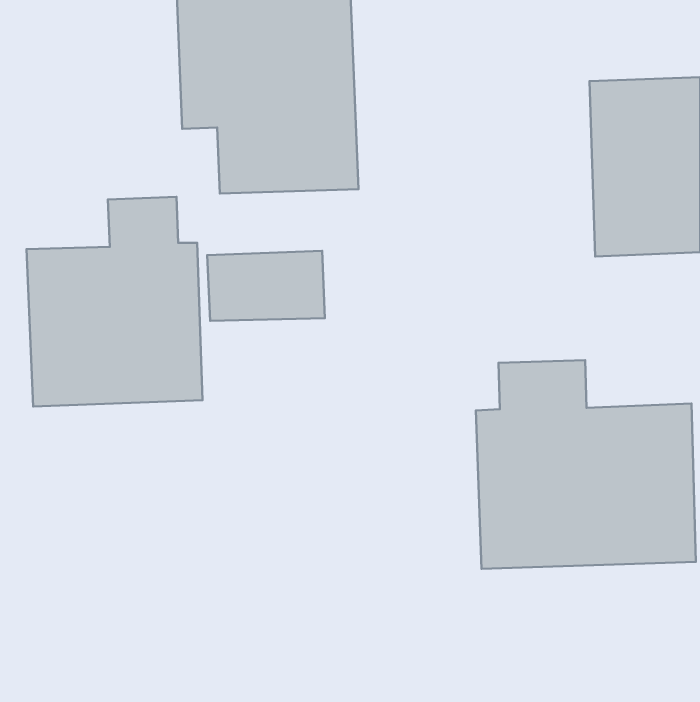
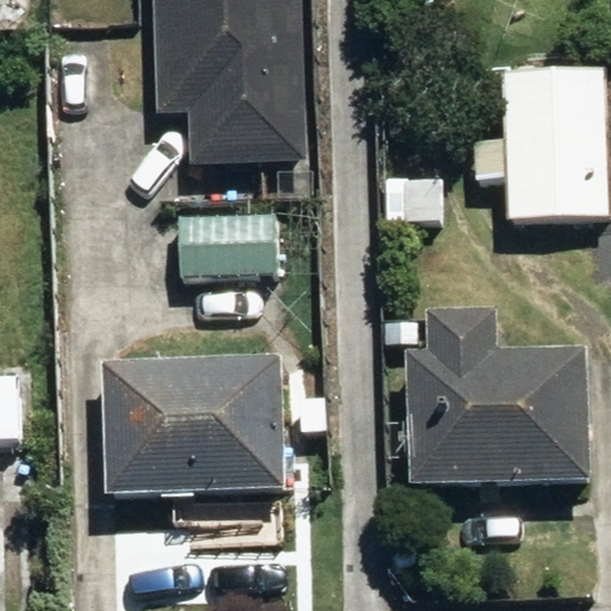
building: [27,197,203,406] -> none
building: none -> [103,353,286,495]

